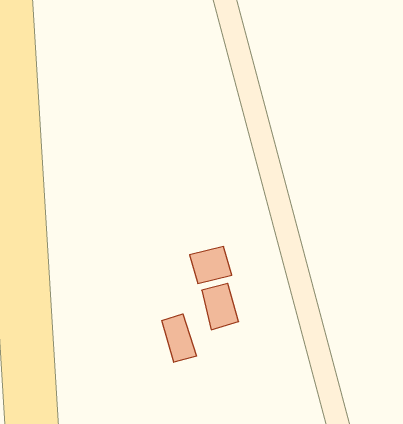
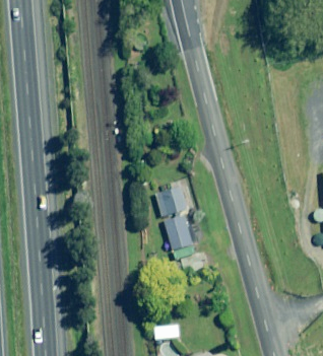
building: [162,314,196,362] -> none

